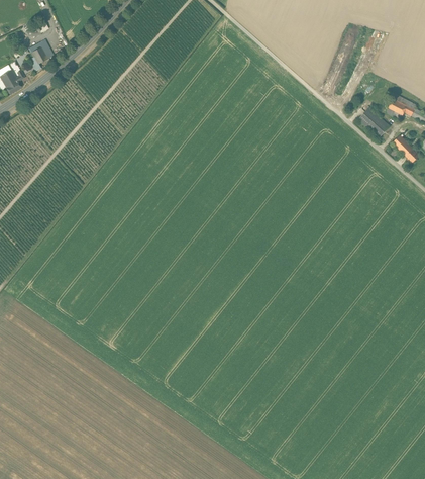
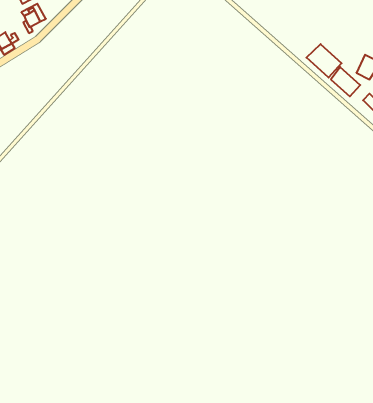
building: none -> [306,44,342,78]

